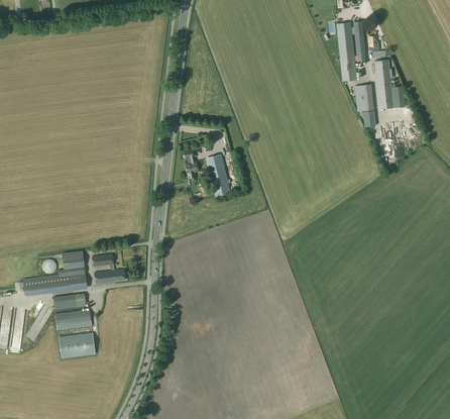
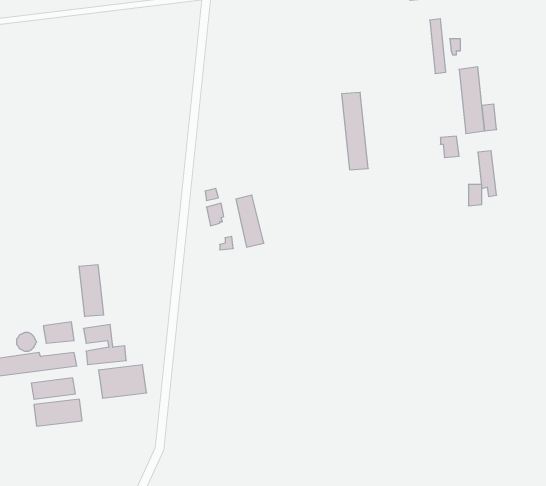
building: [337,22,357,81] -> [342,92,368,170]
building: [355,85,372,111] -> none
building: none -> [79,265,104,317]
building: [60,332,96,357] -> [98,365,147,398]

